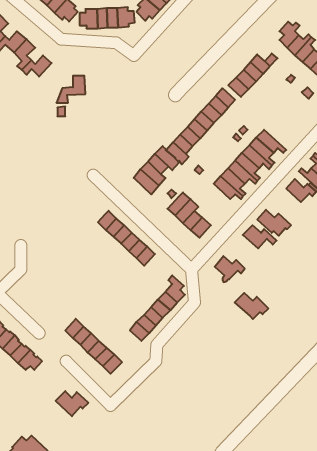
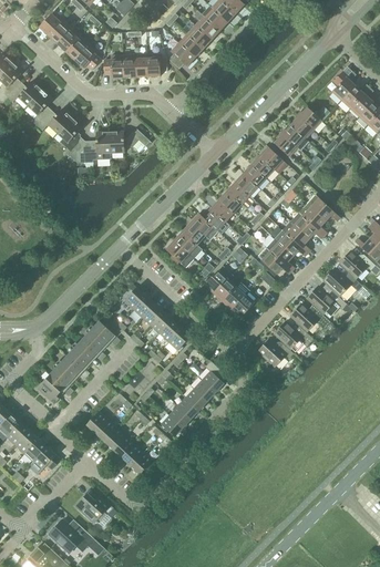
building: none -> [58,117,84,163]
building: none -> [110,130,150,153]
building: none -> [325,268,363,299]
building: none -> [43,321,114,396]
building: [235,293,268,319] -> [275,321,314,351]
building: none -> [52,519,91,553]

